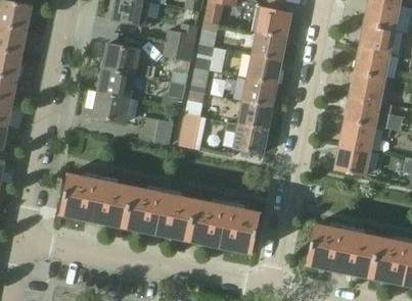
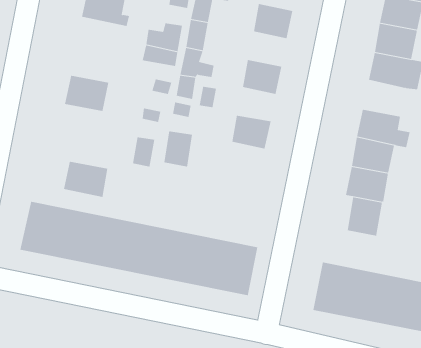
building: [250,31,284,60] -> none
building: [101,43,149,77] -> none
building: [348,71,384,102] -> none
building: [241,78,275,106] -> none
building: [91,92,129,122] -> [63,161,108,198]
building: [226,121,266,153] -> none
building: none -> [347,197,382,236]

